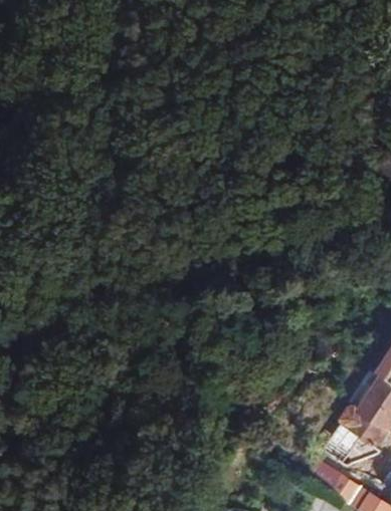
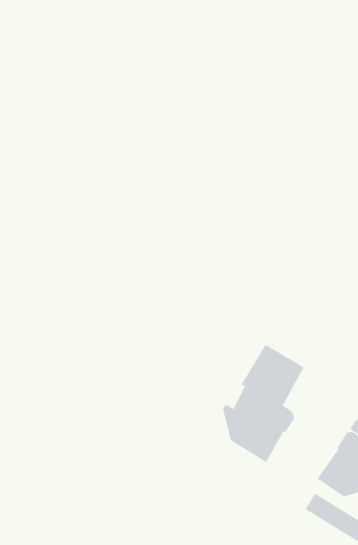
building: none -> [223,344,304,463]

